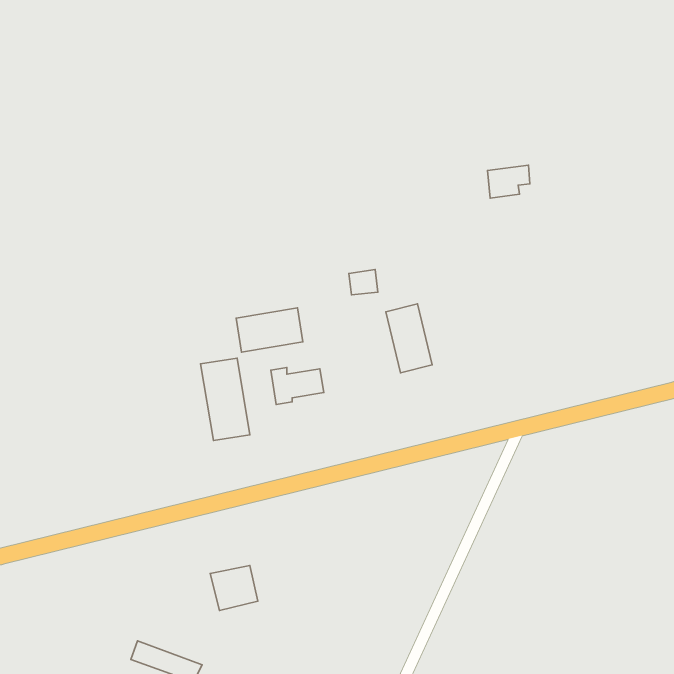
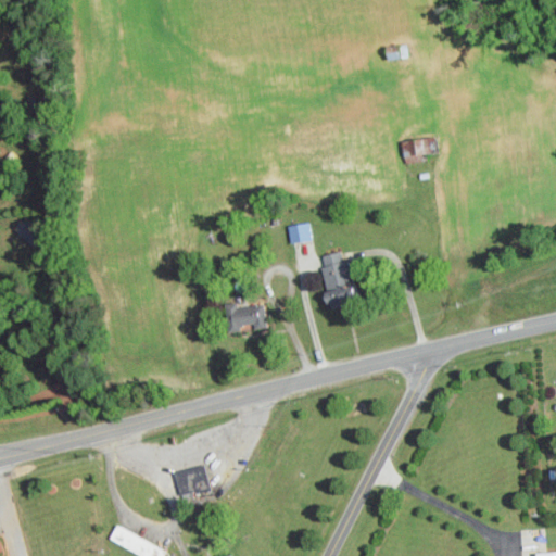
building: [236,308,303,352] -> none
building: [201,358,250,440] -> none

